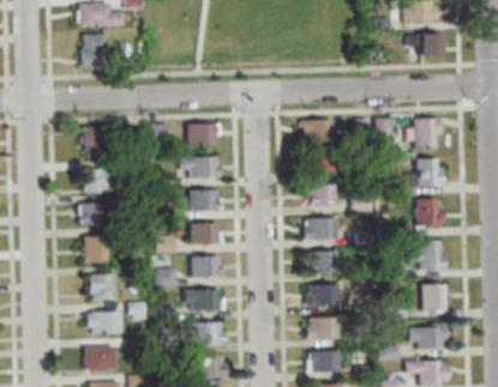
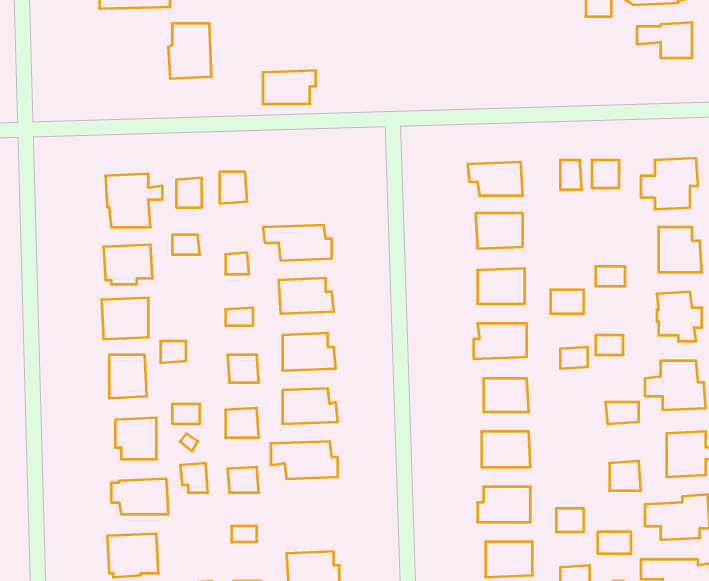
building: [80,34,107,67] -> [168,24,211,79]
building: [187,123,220,144] -> [263,70,316,104]
building: [191,322,226,343] -> none

